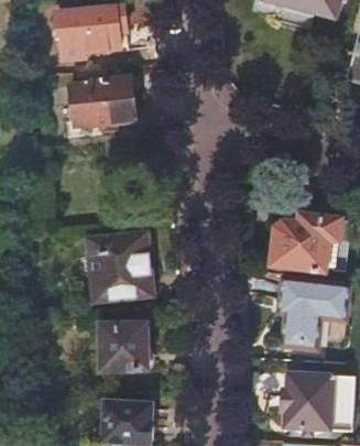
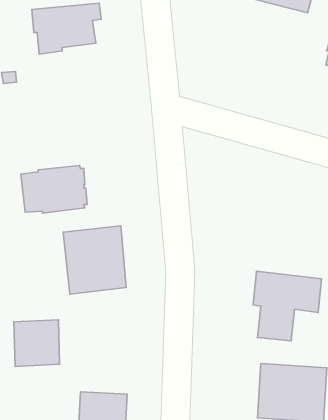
building: [68,75,135,123] -> [21,165,87,213]
building: [268,215,339,274] -> none
building: [99,324,145,371] -> [14,320,60,366]

